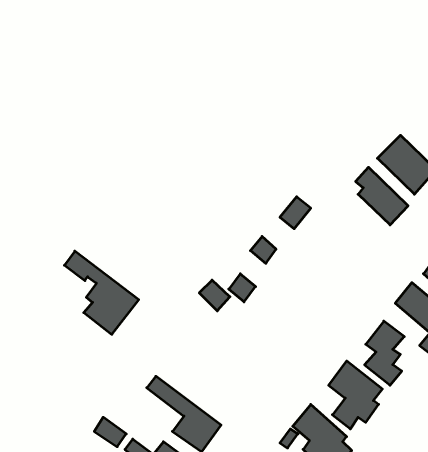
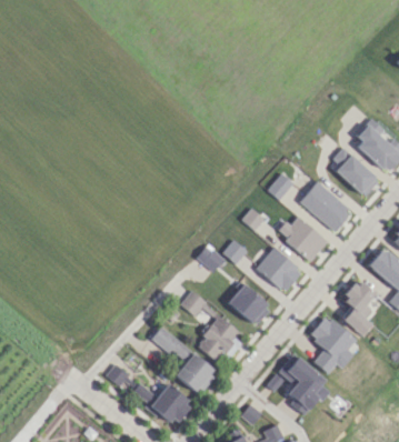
building: none -> [300,182,352,232]
building: none -> [279,214,328,261]
building: [64,251,139,334] -> [181,293,246,365]
building: none -> [256,248,302,292]
building: none -> [229,284,271,327]

